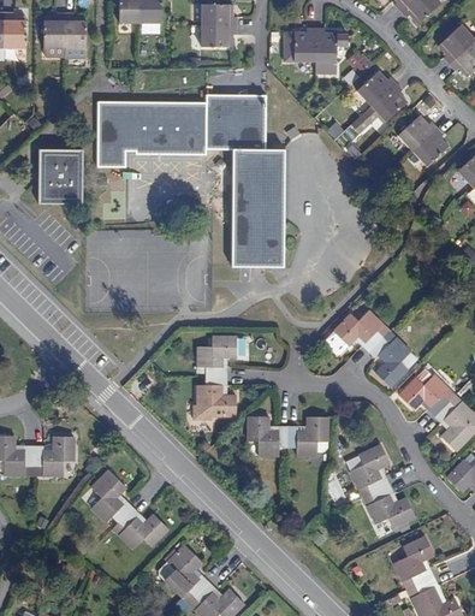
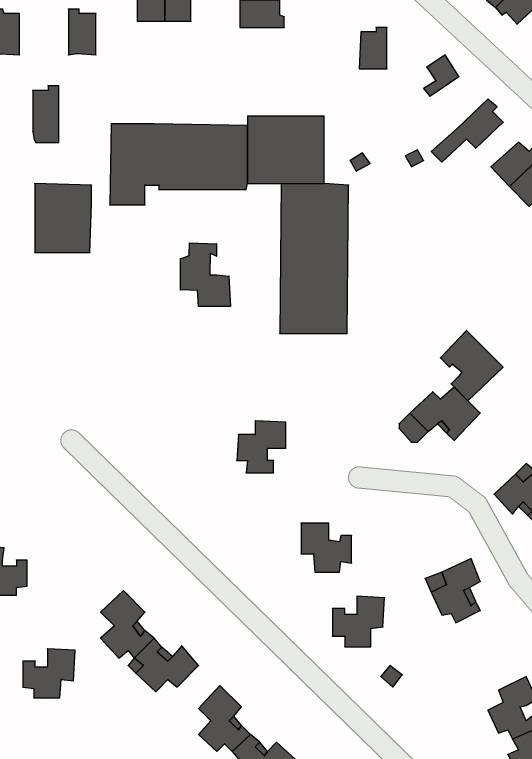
building: [44,12,65,57] -> [33,86,59,142]
building: [200,26,234,48] -> none
building: [315,26,346,72] -> none
building: [356,70,394,106] -> none
building: none -> [180,243,230,306]
building: [368,330,417,385] -> [440,330,503,401]
building: [197,377,234,416] -> none
building: [287,416,328,456] -> [332,596,385,647]
building: [32,436,73,474] -> [23,649,75,698]
building: [367,485,415,527] -> none

